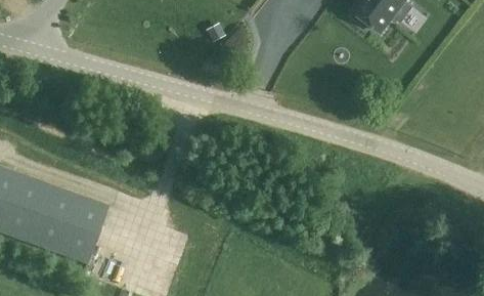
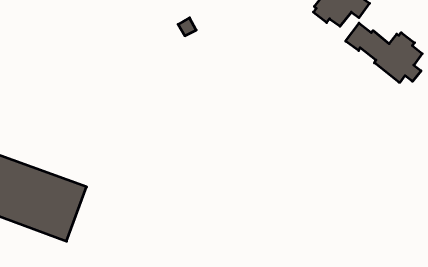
building: none -> [346,23,422,82]

